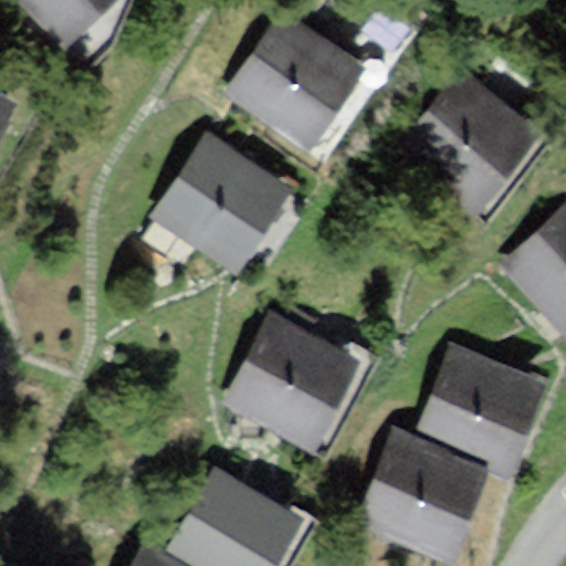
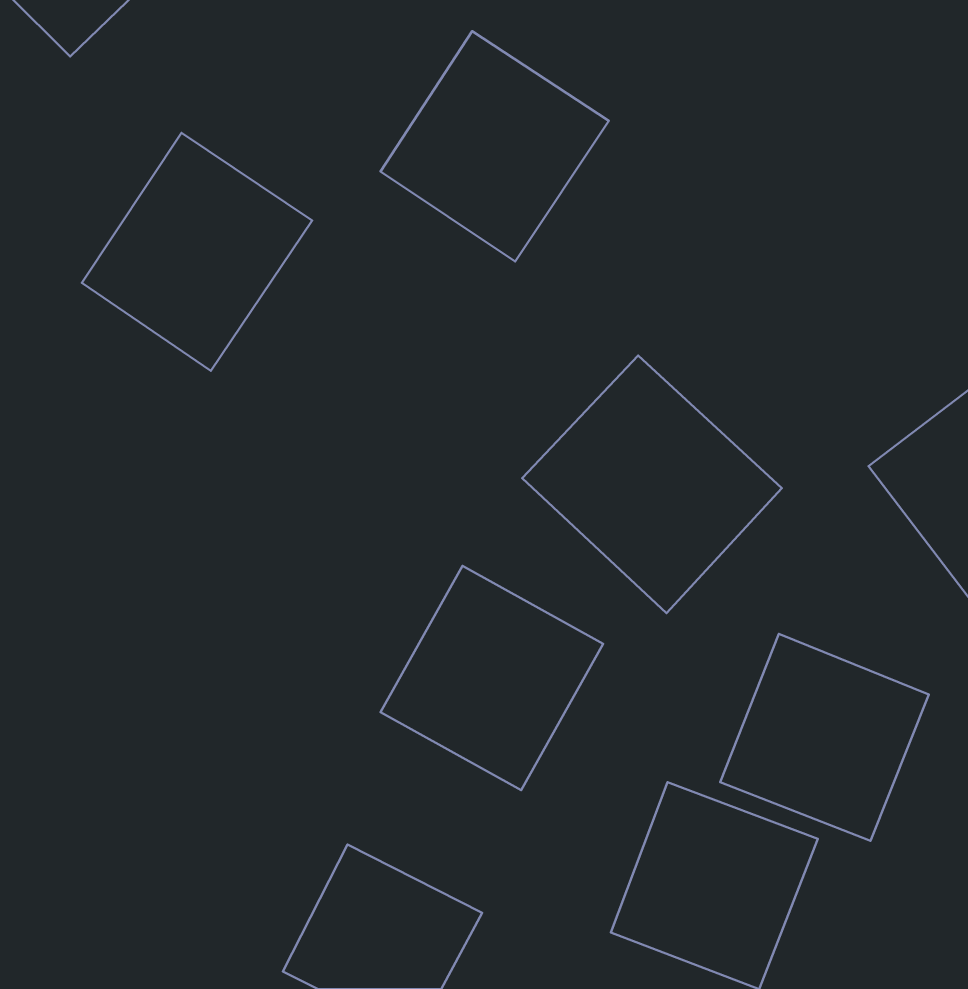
building: [400,74,536,209] -> none
building: [157,133,287,268] -> [82,133,312,371]
building: none -> [522,356,782,613]

